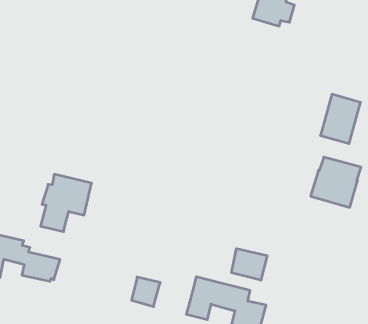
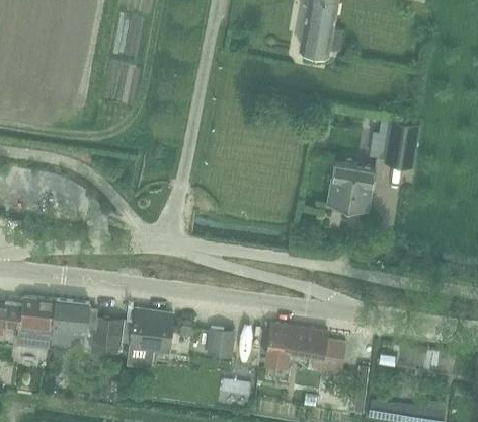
building: [311,157,361,207] -> [326,164,375,213]
building: [41,174,92,232] -> [126,310,174,368]
building: [232,249,267,280] -> none

